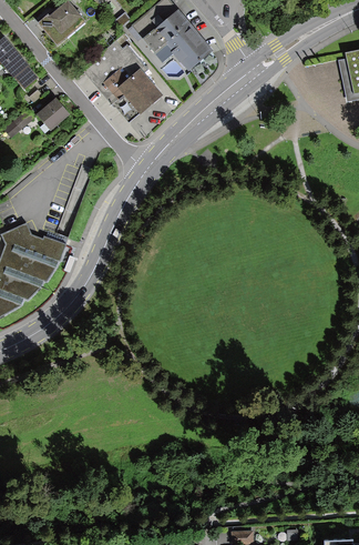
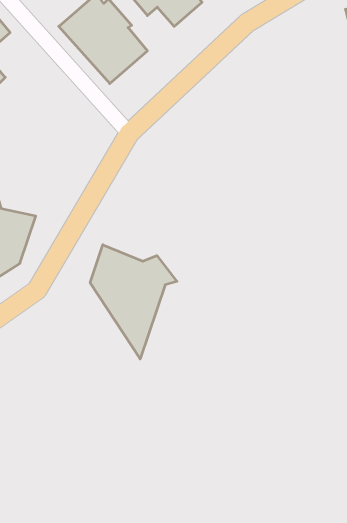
building: [37,97,70,129] -> none
building: none -> [90,245,177,359]

